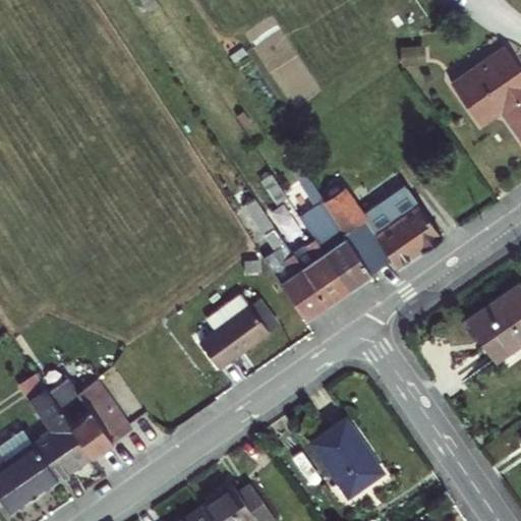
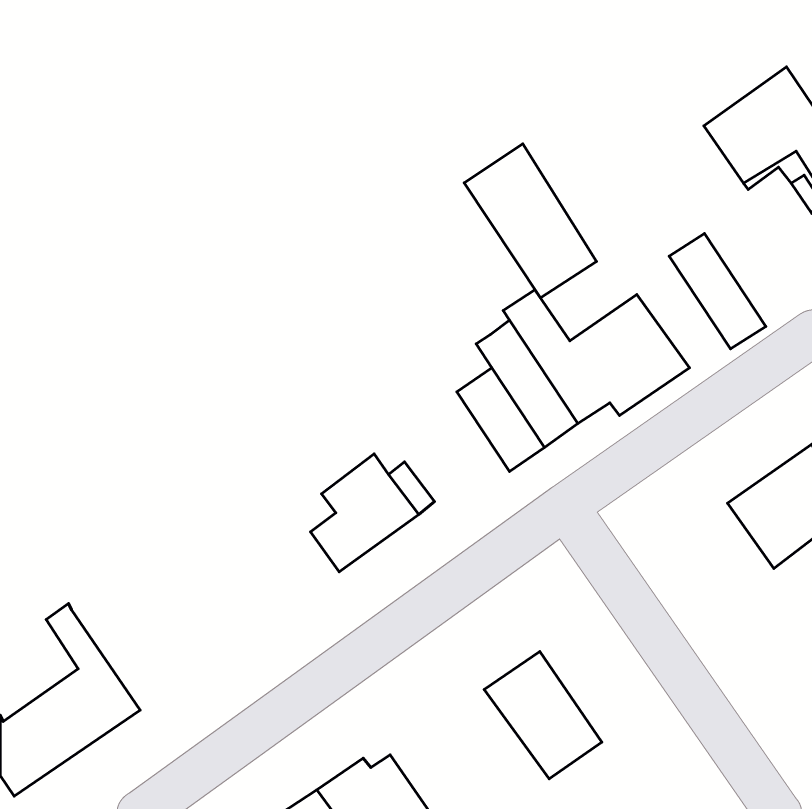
building: none -> [464,144,597,298]
building: none -> [669,234,766,349]
building: [272,253,327,320] -> none
building: [47,379,130,457] -> none

